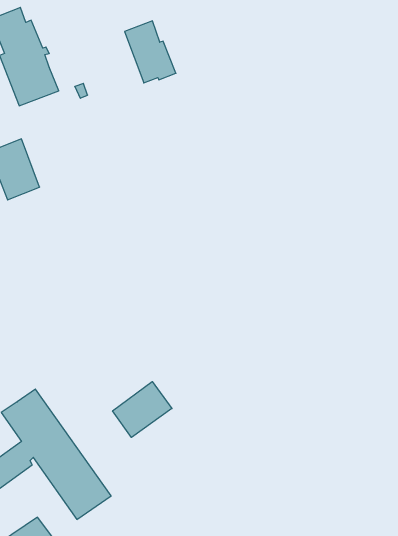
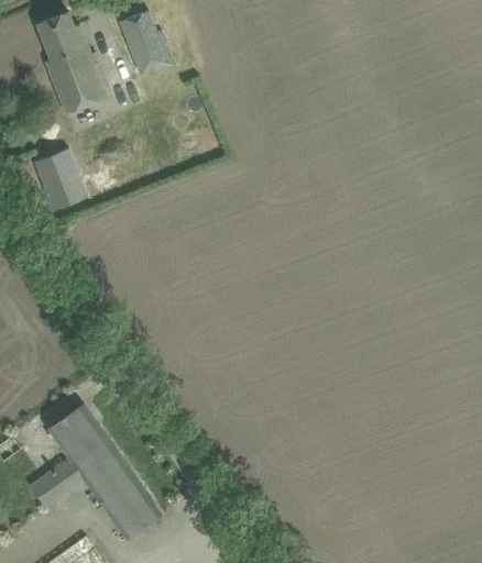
building: [125,21,176,83] -> [120,10,173,74]
building: [113,382,172,437] -> none

